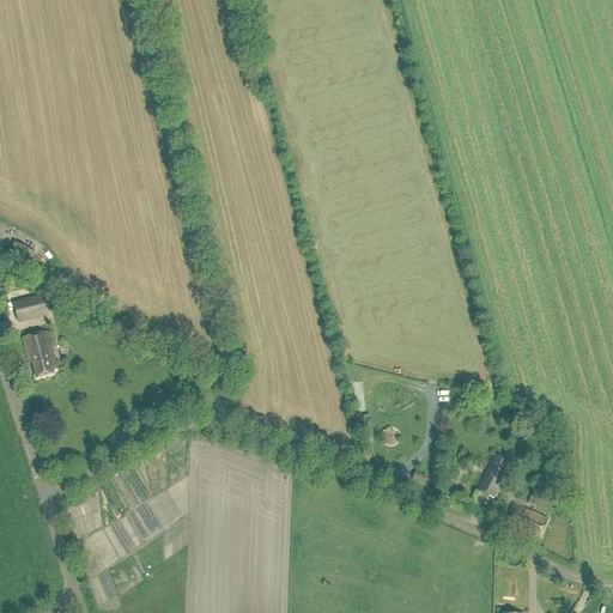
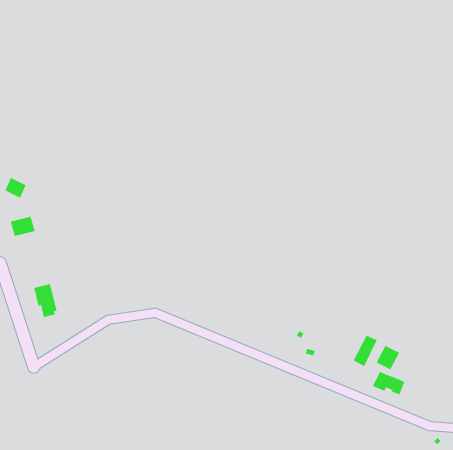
building: [23,329,55,376] -> [34,283,57,318]
building: none -> [376,345,400,370]

